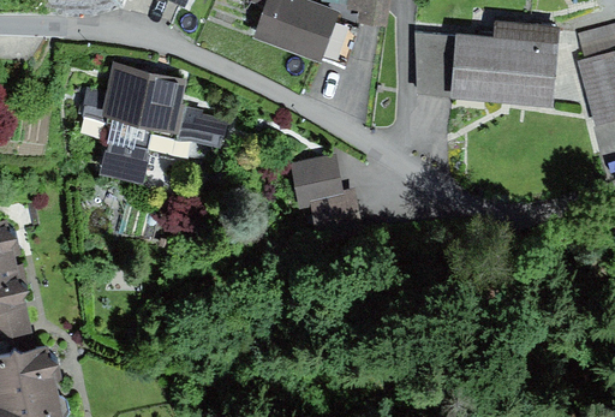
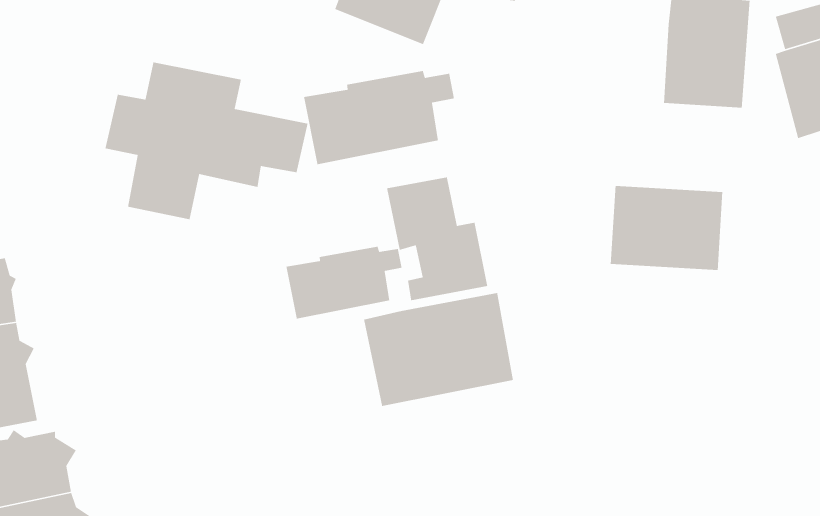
building: [414,36,498,100] -> [610,185,723,271]
building: none -> [303,70,455,165]
building: none -> [286,246,402,320]
building: none -> [363,292,514,407]

